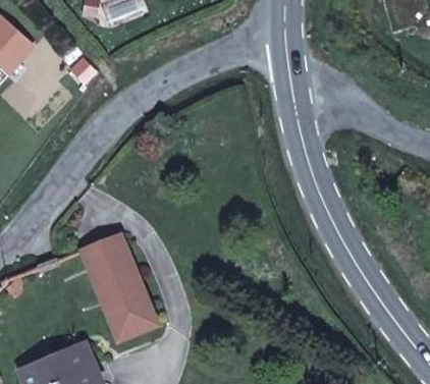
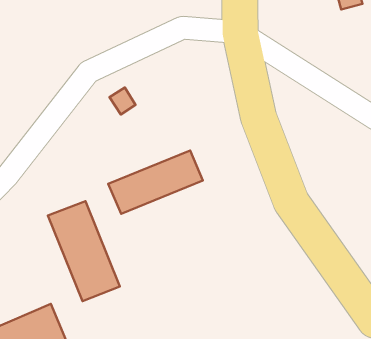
building: none -> [108,151,203,214]

